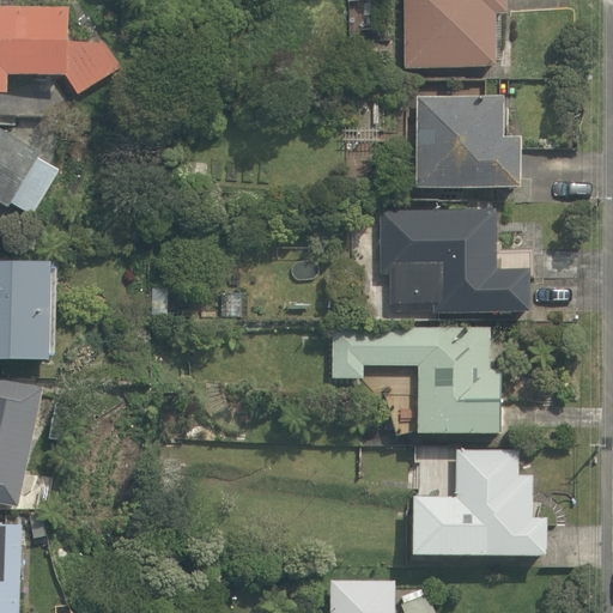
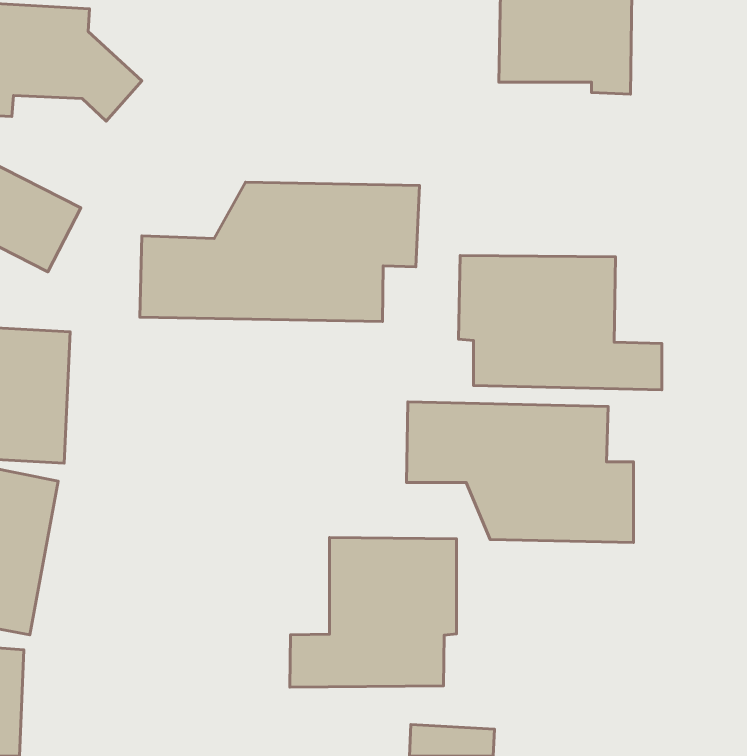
building: [403,95,526,187] -> none
building: none -> [140,182,419,322]
building: none -> [290,537,457,687]
building: [411,447,552,559] -> none

